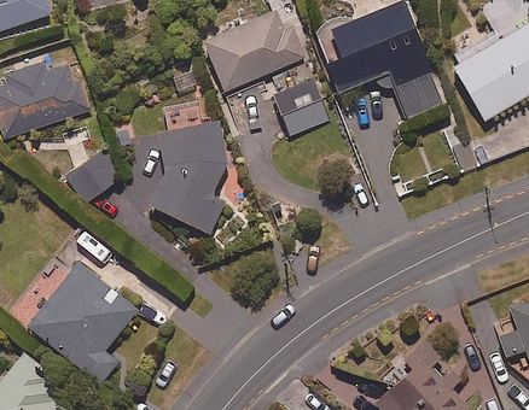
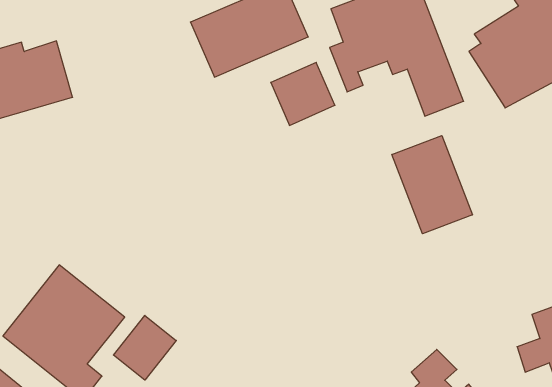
building: [155,118,228,232] -> none
building: none -> [392,136,472,234]
building: [69,152,121,201] -> none
building: none -> [113,315,176,380]

